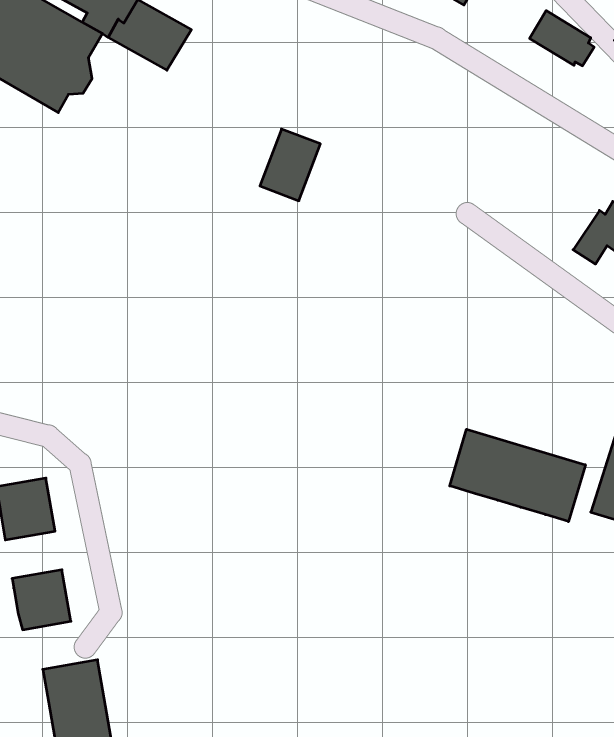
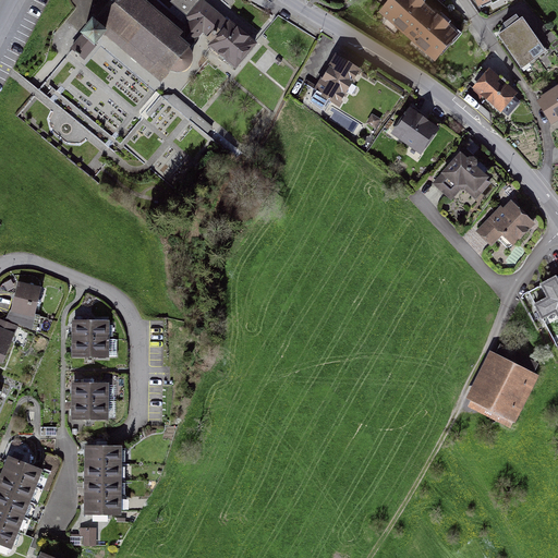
building: none -> [397,109,438,149]
building: [260,129,320,201] -> [317,56,362,105]
building: none -> [438,155,488,195]
building: [450,429,585,522] -> none

